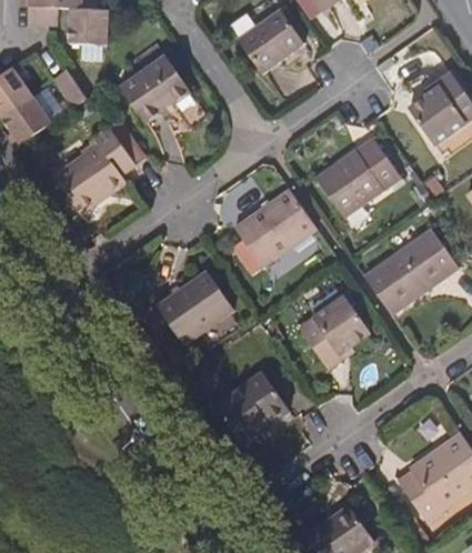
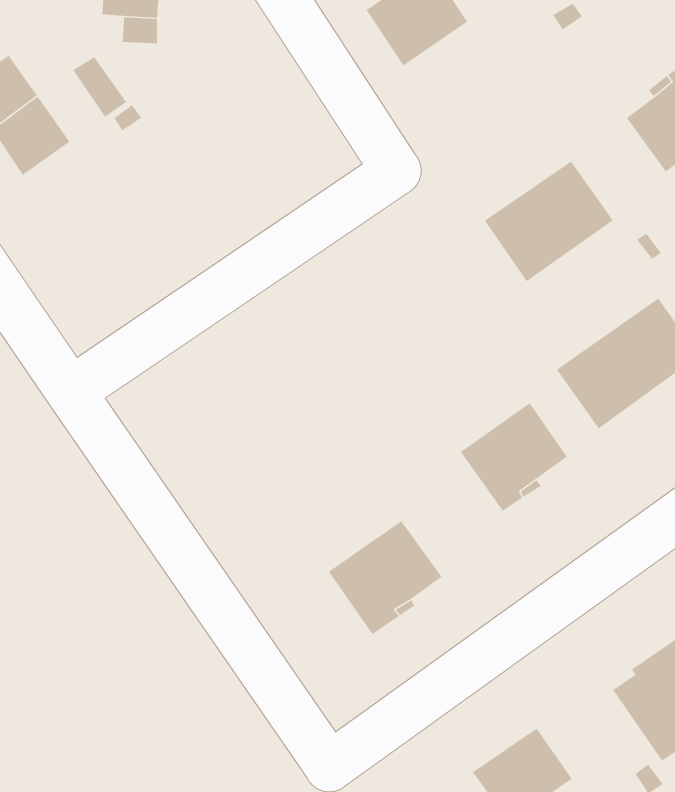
building: [123,56,193,122] -> none
building: [58,128,135,212] -> none
building: [235,188,318,265] -> none
building: [158,272,233,344] -> none

